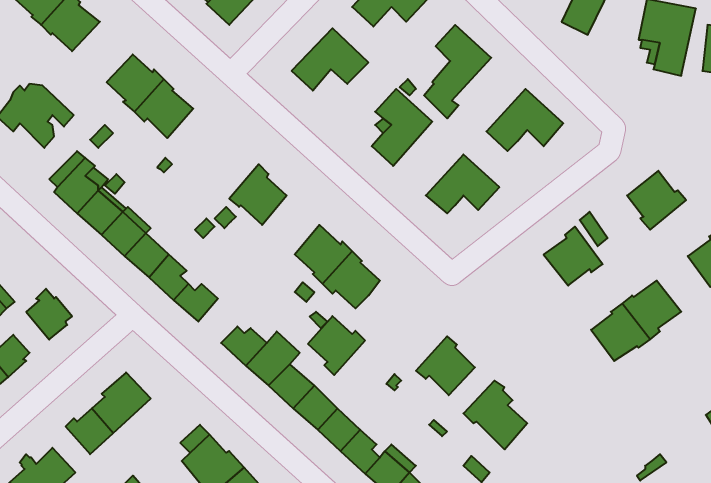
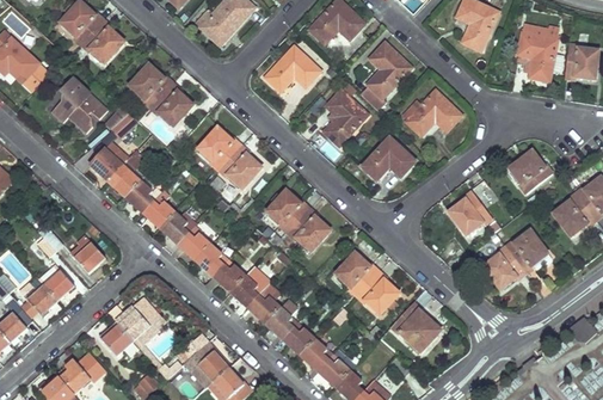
building: none -> [198,127,240,170]
building: none -> [196,242,228,275]
building: [308,316,365,375] -> [336,252,377,295]

